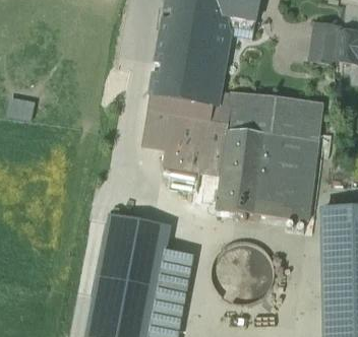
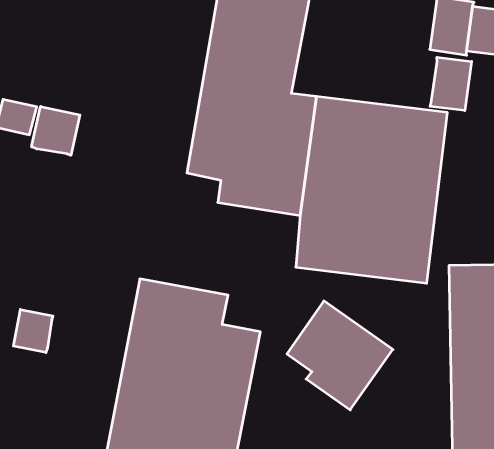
building: none -> [430,57,472,111]
building: none -> [32,106,80,155]
building: none -> [13,309,53,353]

